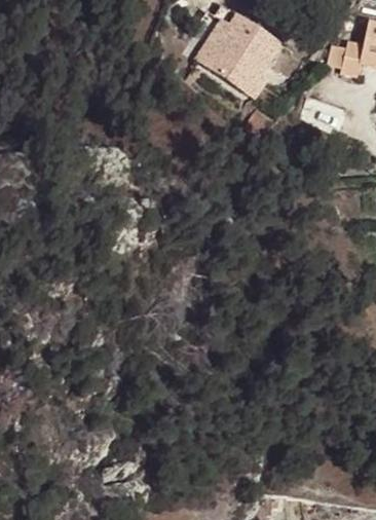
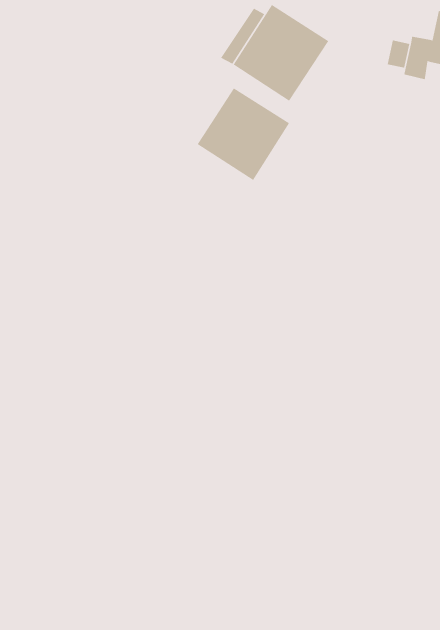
building: none -> [197,87,290,181]

